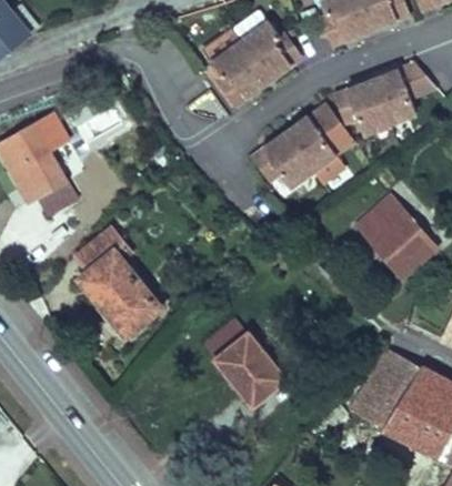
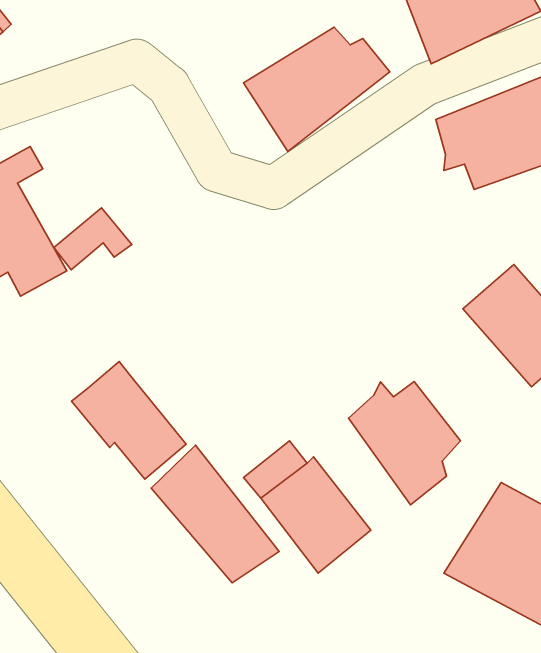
building: [244,105,355,194] -> none
building: [80,235,134,279] -> [54,208,132,270]
building: none -> [348,382,460,505]
building: none -> [151,445,279,583]

